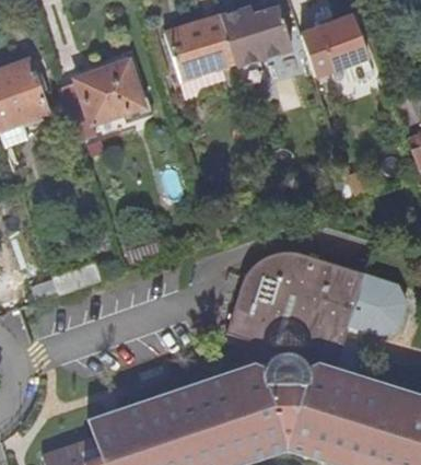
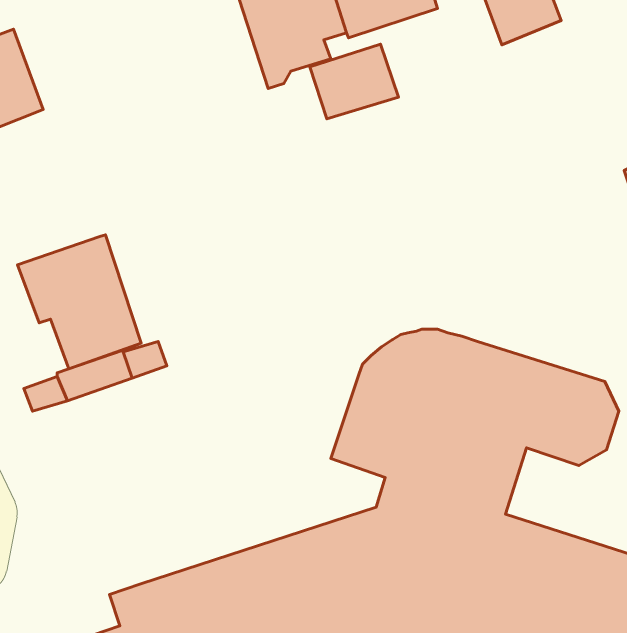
building: [59,62,142,141] -> none
building: none -> [310,44,399,119]
building: none -> [18,235,141,369]

